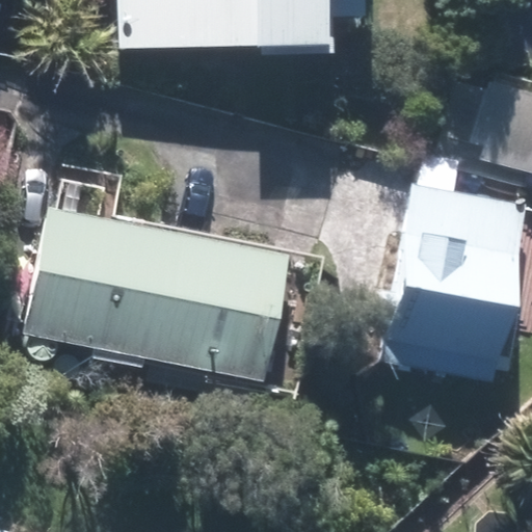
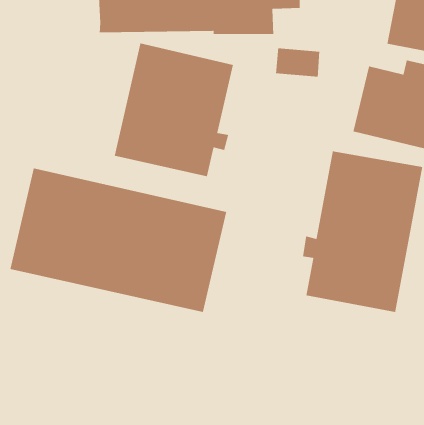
building: none -> [114,42,234,177]

